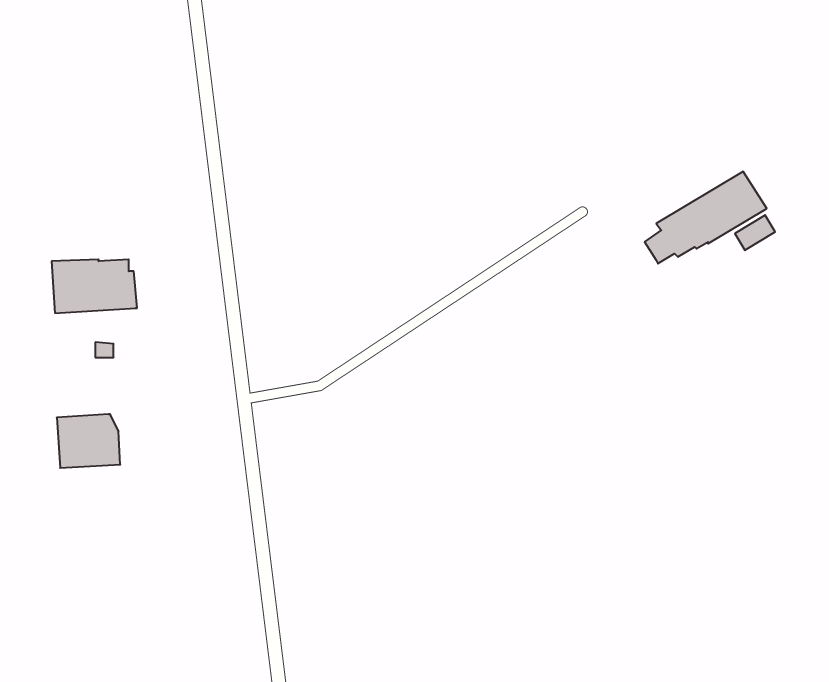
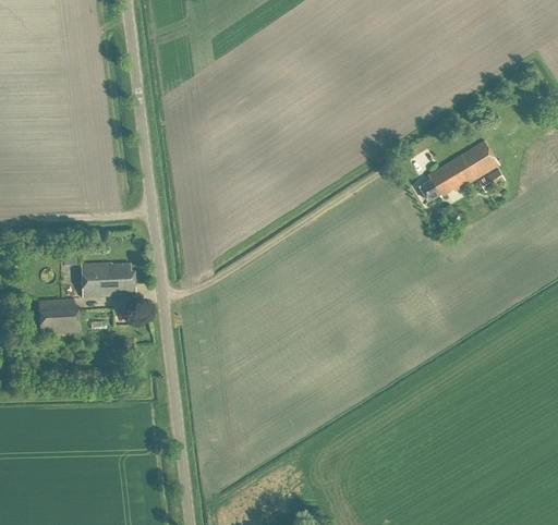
building: [52,259,137,313] -> [80,262,135,297]

